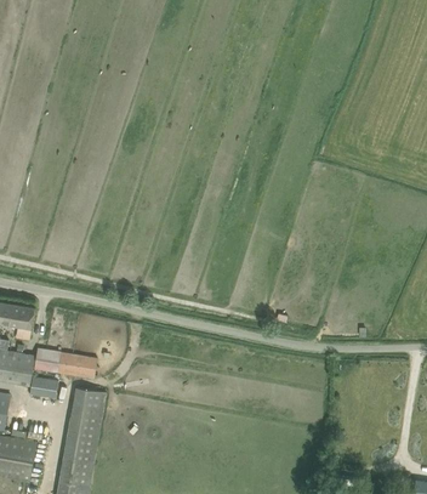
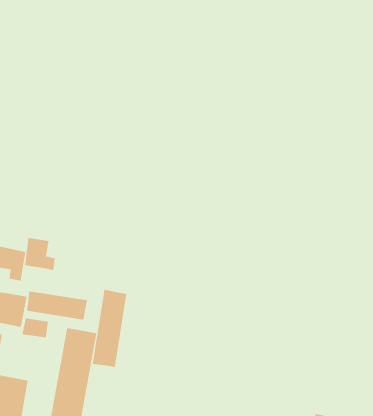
building: none -> [24,237,56,271]
building: none -> [92,289,127,368]

